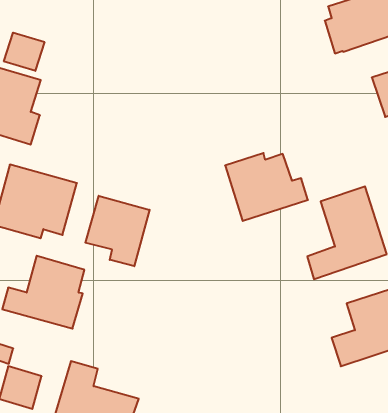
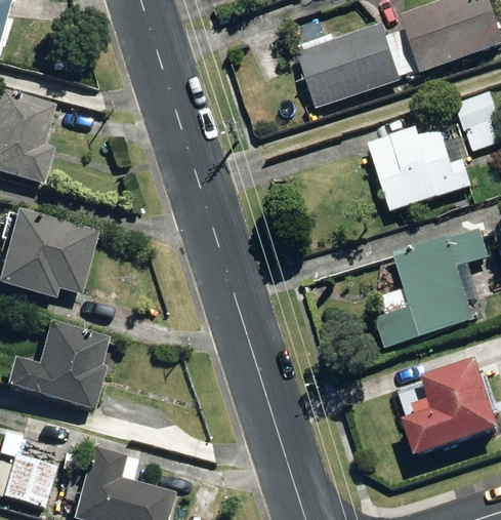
building: none -> [301,24,413,106]
building: [4,33,44,71] -> none
building: [225,153,308,221] -> [371,127,472,210]
building: [85,196,150,266] -> none

